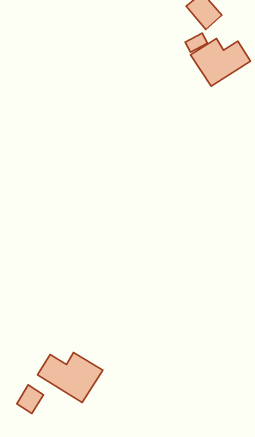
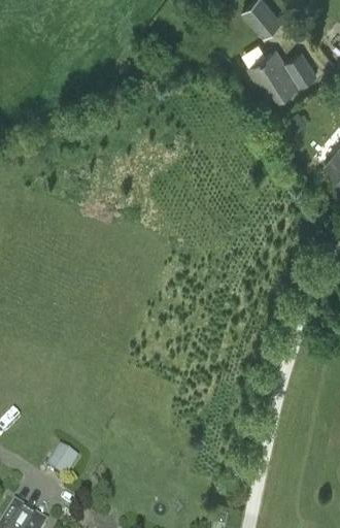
building: [38,352,103,402] -> none

